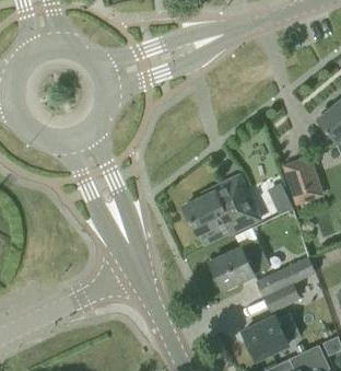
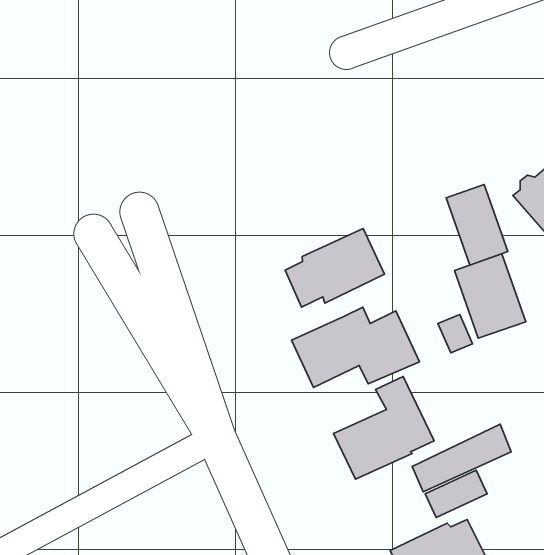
building: none -> [446,184,508,265]
building: none -> [285,228,384,307]

